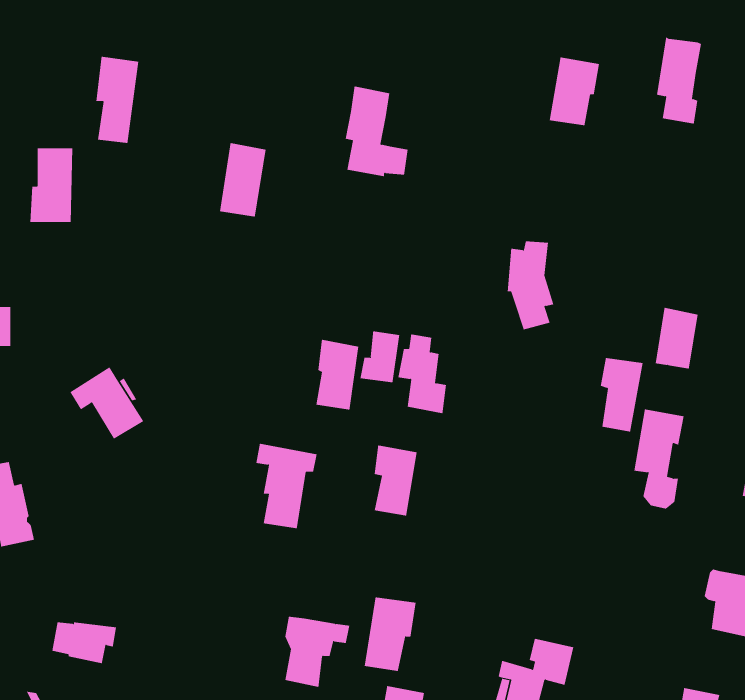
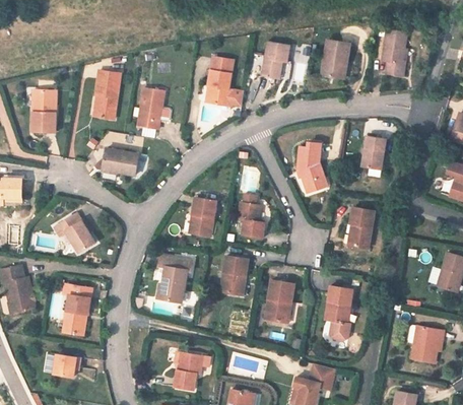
building: [95,56,139,144] -> [95,70,120,119]
building: none -> [261,42,289,79]
building: none -> [102,148,138,176]
building: [655,307,698,369] -> [361,135,386,170]
building: [360,331,400,383] -> none
building: [633,409,684,509] -> [324,285,352,341]
building: none -> [62,284,91,335]
building: [364,597,417,672] -> [264,280,293,322]

